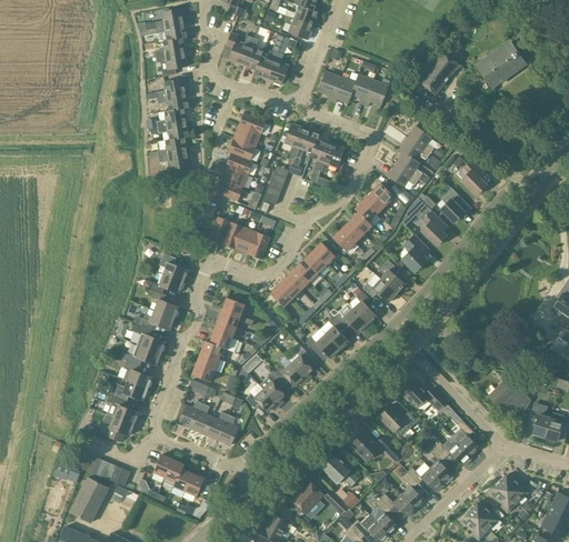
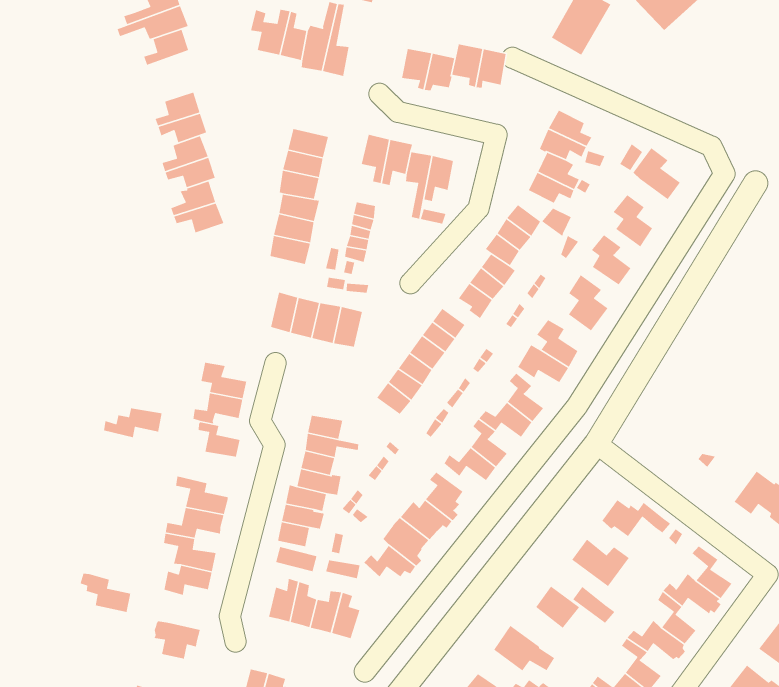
building: [156,52,188,77] -> none
building: [134,311,174,331] -> [103,407,163,438]
building: [107,394,139,424] -> [79,573,131,613]

